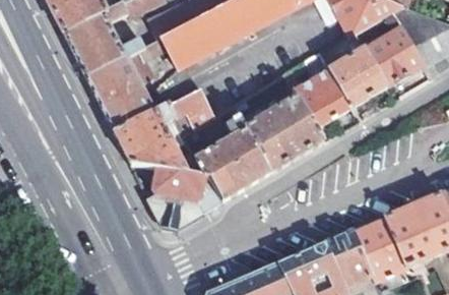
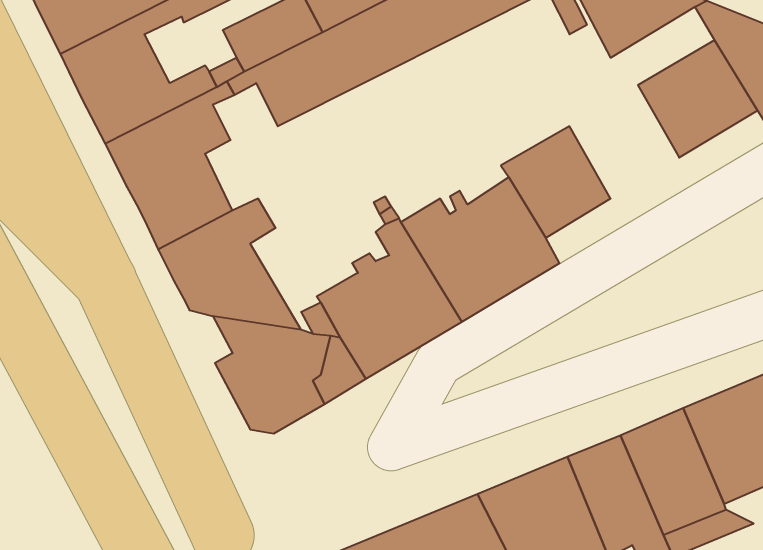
building: [328,48,385,107] -> none
building: [167,89,213,134] -> none

